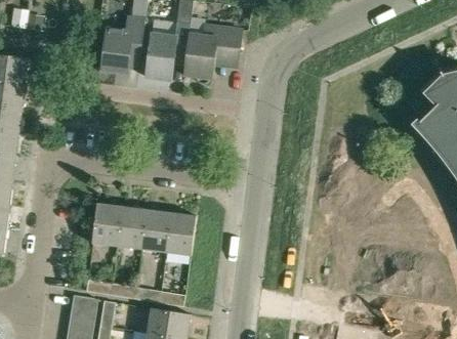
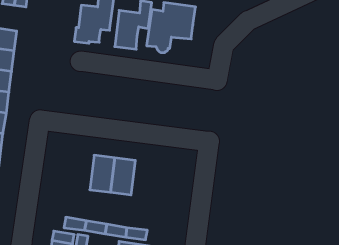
building: [91,203,121,247] -> none
building: [165,212,196,256] -> none

